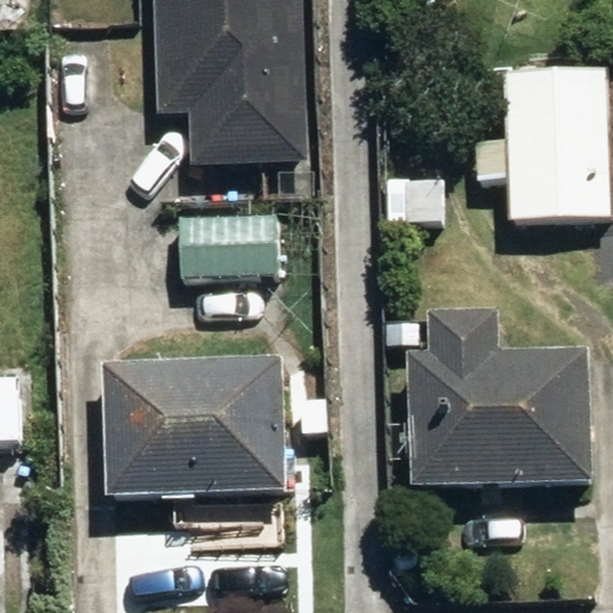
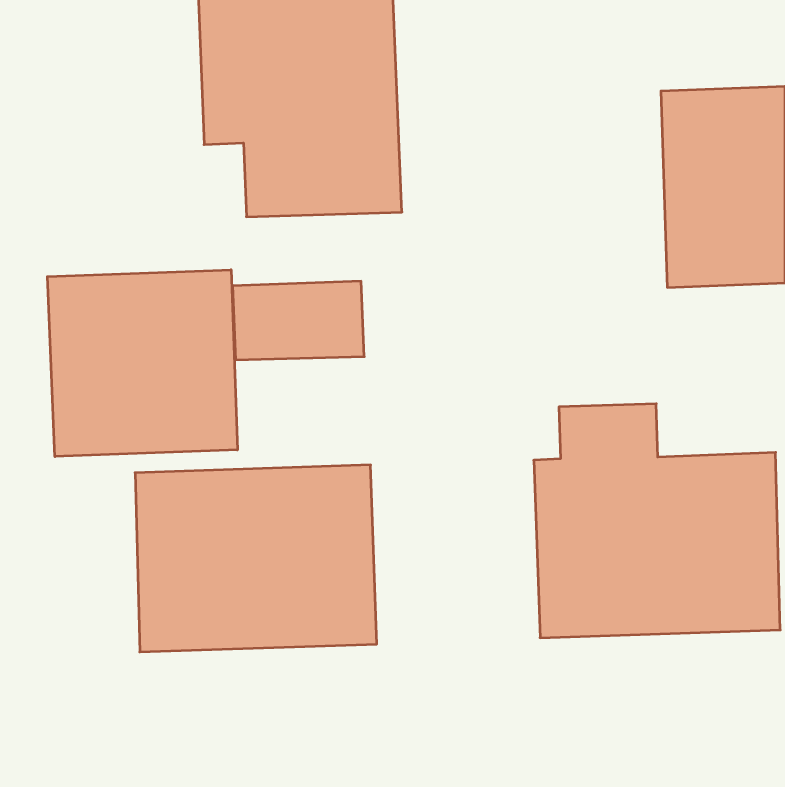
building: none -> [47,270,237,457]

